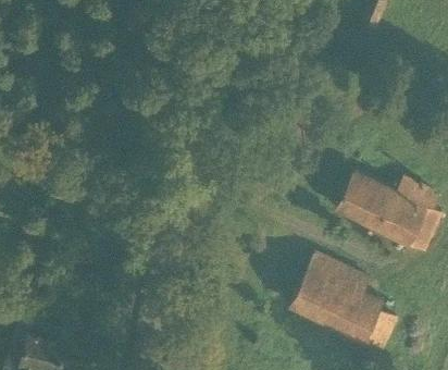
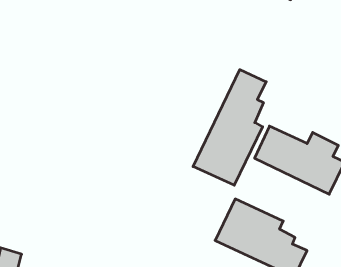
building: none -> [193,70,266,185]

